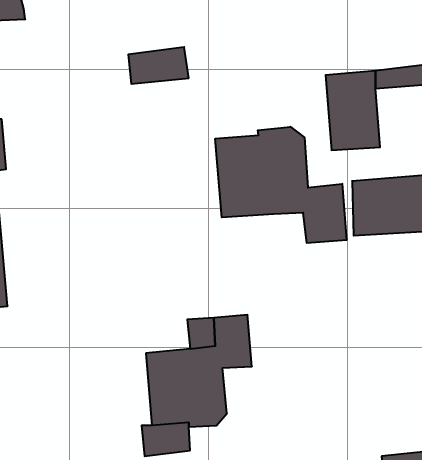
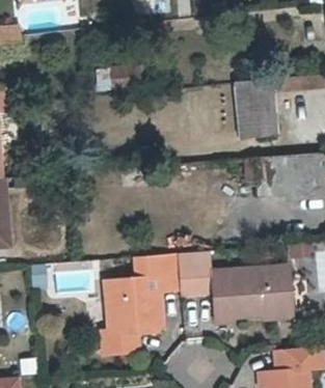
building: [215,127,347,243] -> none
building: none -> [179,250,293,322]

